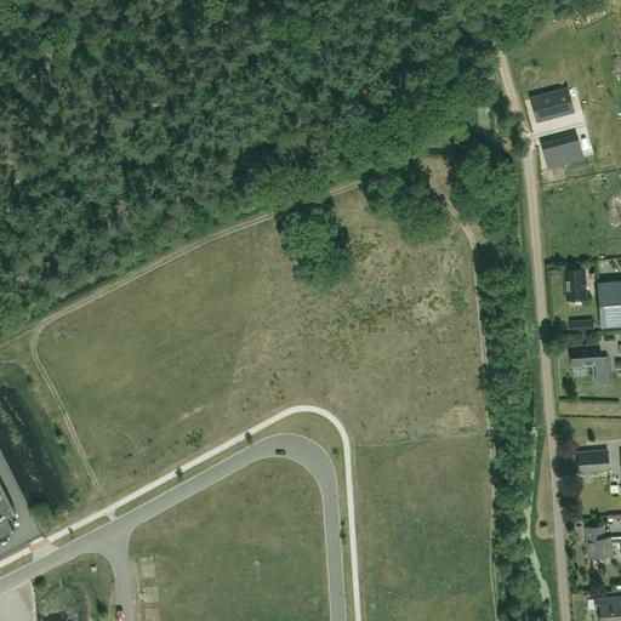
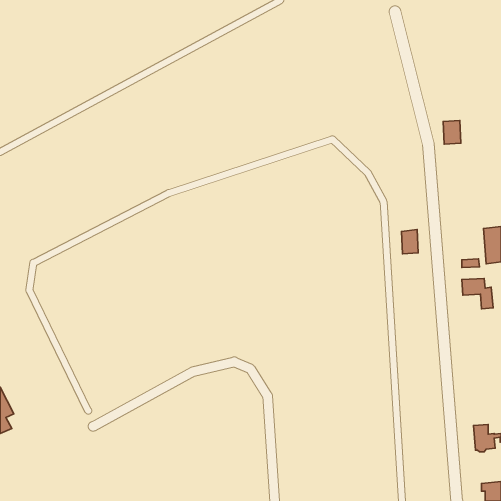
building: [530,90,570,120] -> none
building: [565,268,586,298] -> [402,229,418,254]
building: [579,450,609,472] -> none

